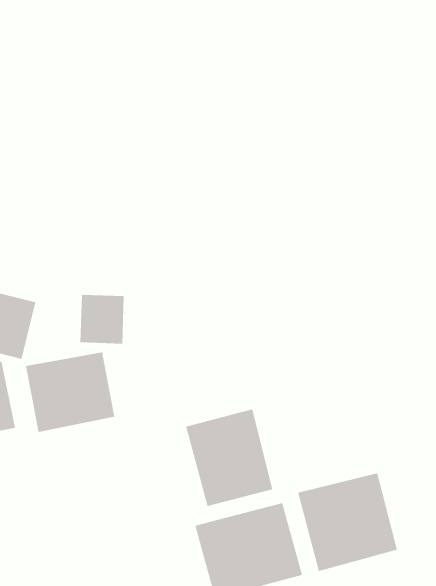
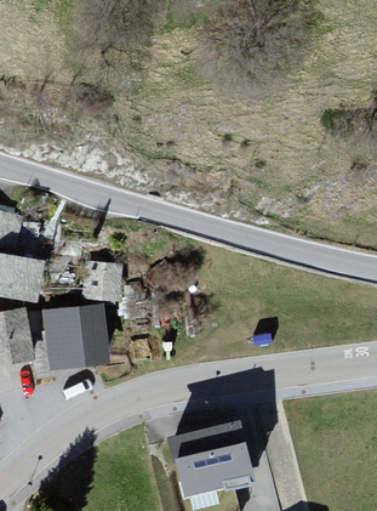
building: [186,409,273,507] -> none
building: [298,472,398,572] -> none

